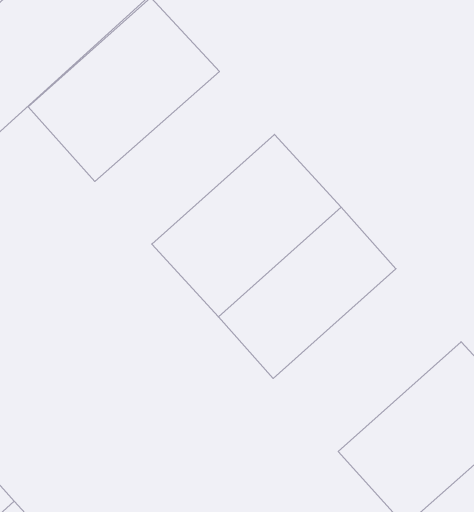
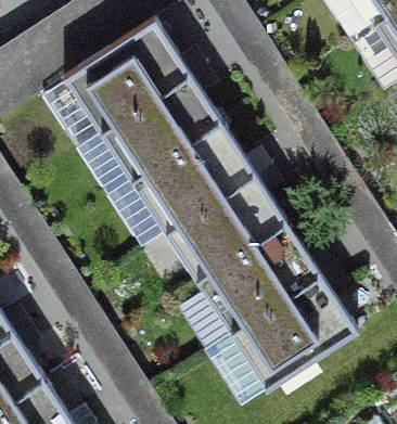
building: none -> [99,77,220,182]
building: none -> [194,223,320,336]

